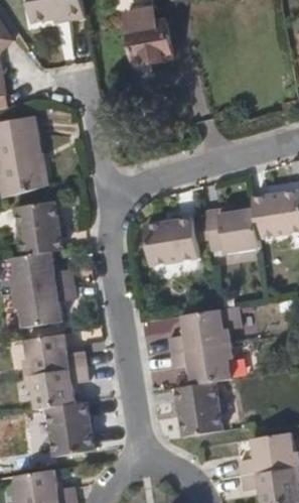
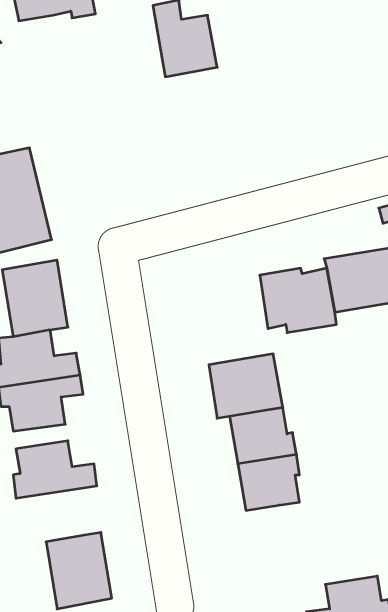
building: [144,217,198,264] -> [209,354,283,418]
building: [24,366,87,408] -> none
building: [177,380,225,435] -> none

